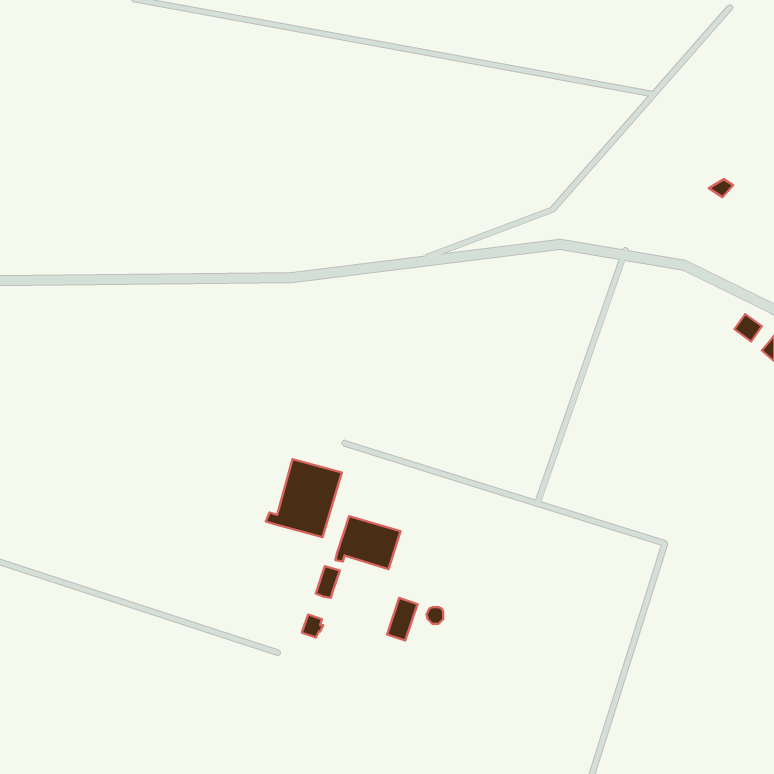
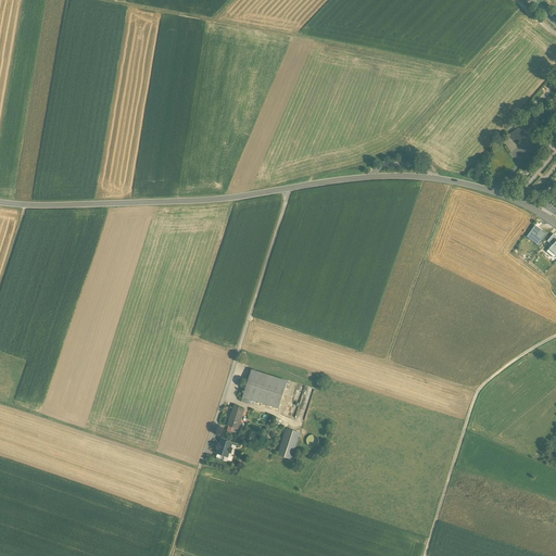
building: [266,459,342,537] -> none

